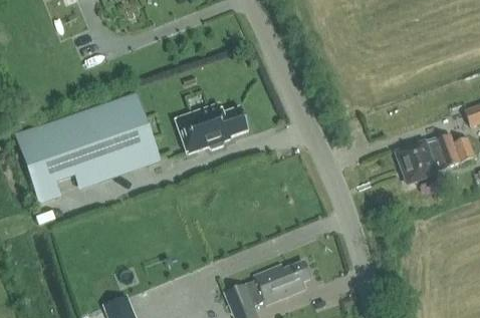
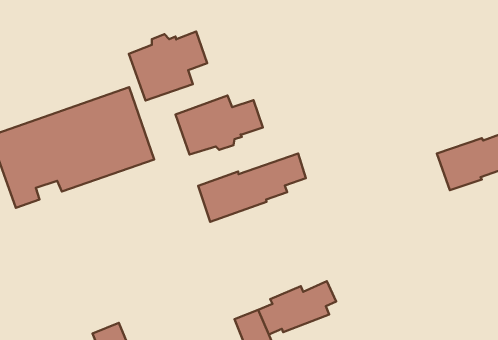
building: none -> [129,32,207,100]
building: none -> [198,153,306,222]

